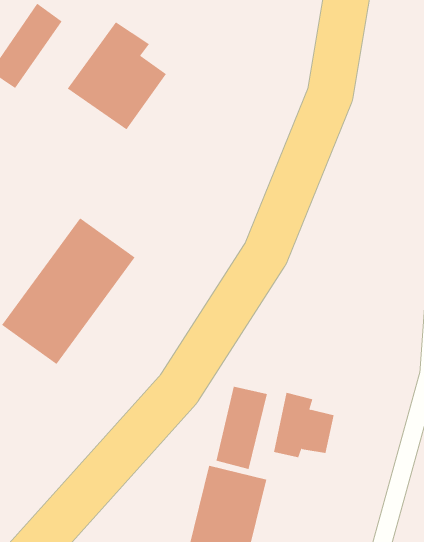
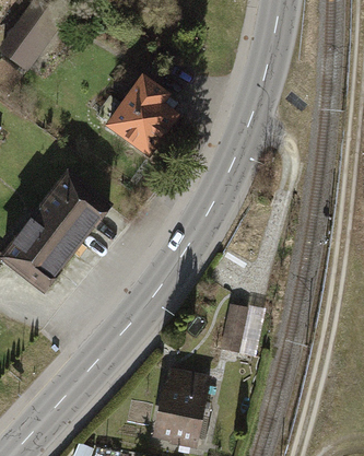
building: [67,21,167,130] -> [101,75,177,159]
building: [216,386,268,470] -> none

